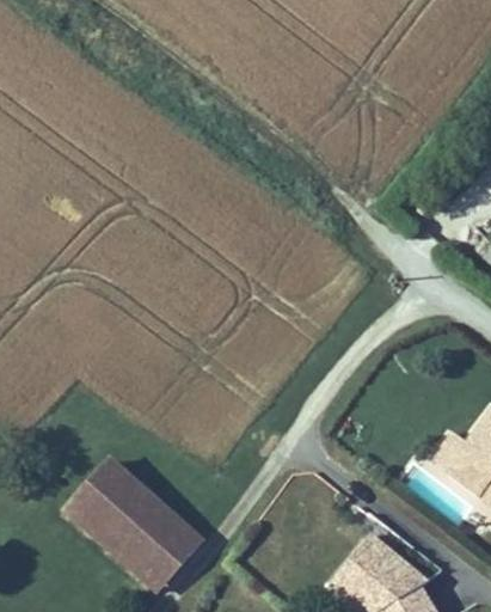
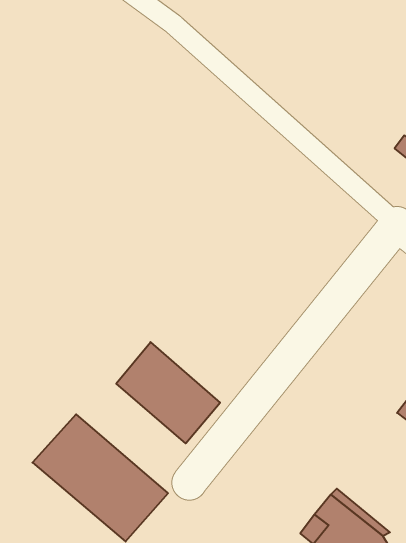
building: none -> [116,342,220,443]

